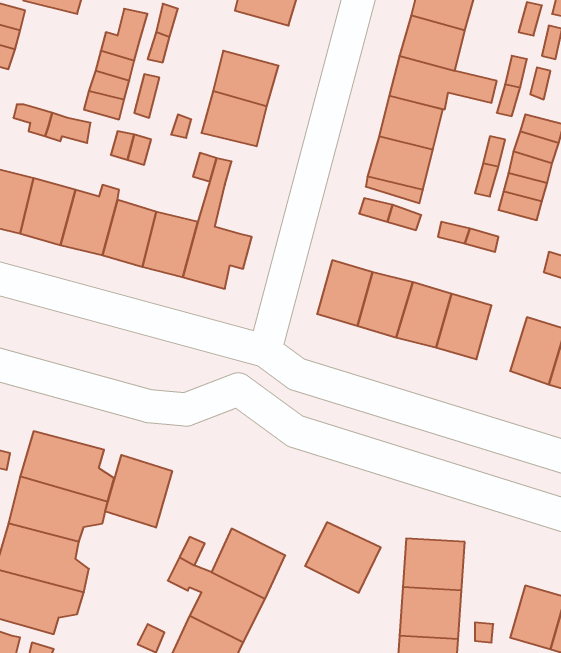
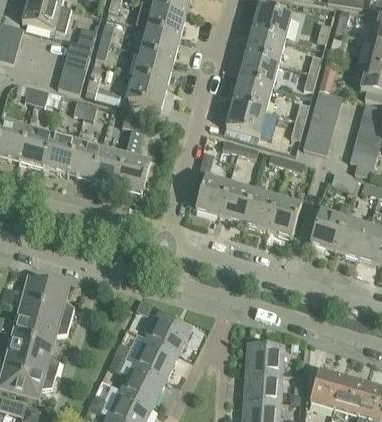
building: none -> [140,26,179,59]
building: [105,455,172,528] -> none
building: [305,522,381,593] -> [145,309,190,351]

